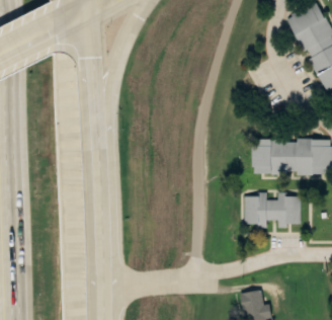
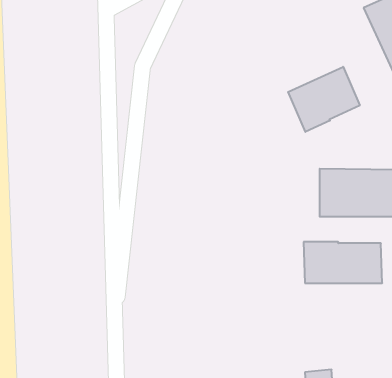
building: none -> [288,67,360,132]

